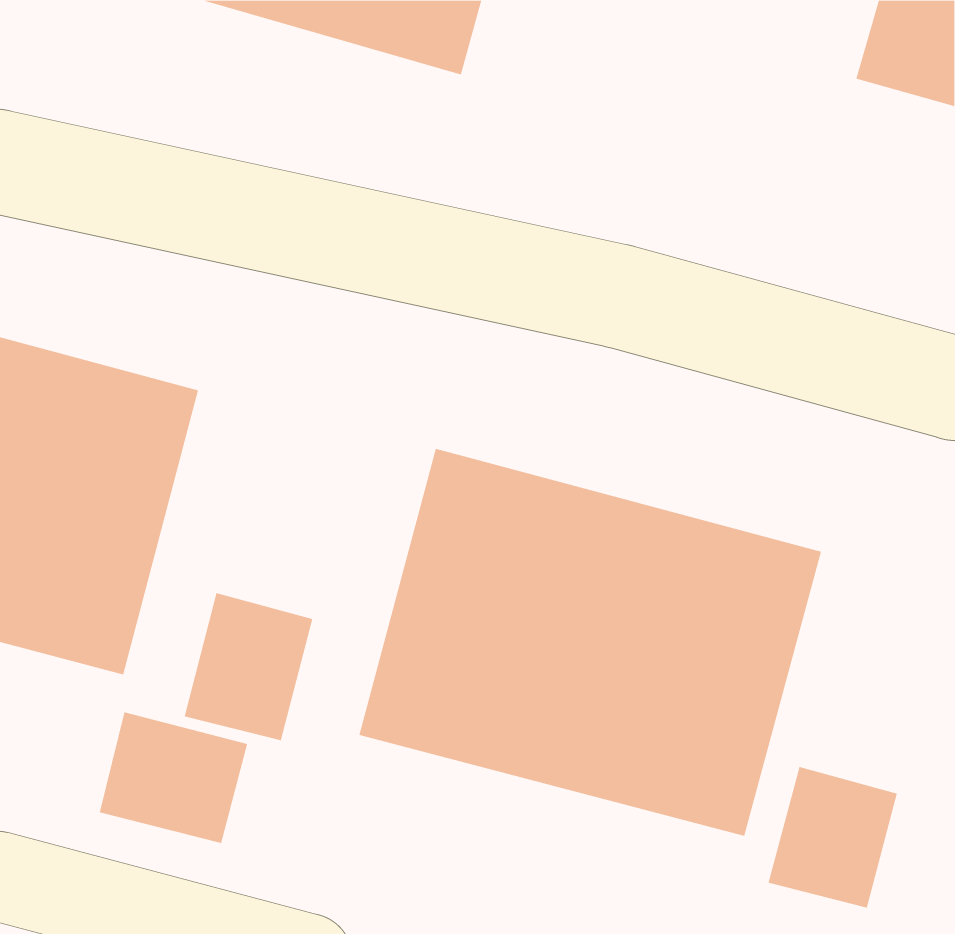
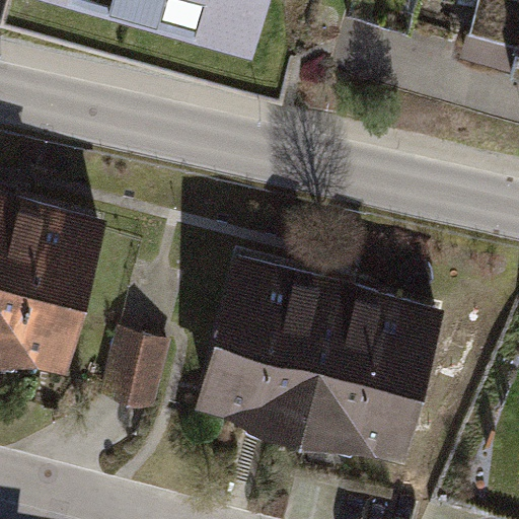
building: [99,711,248,844] -> none
building: [768,766,897,909] -> none

